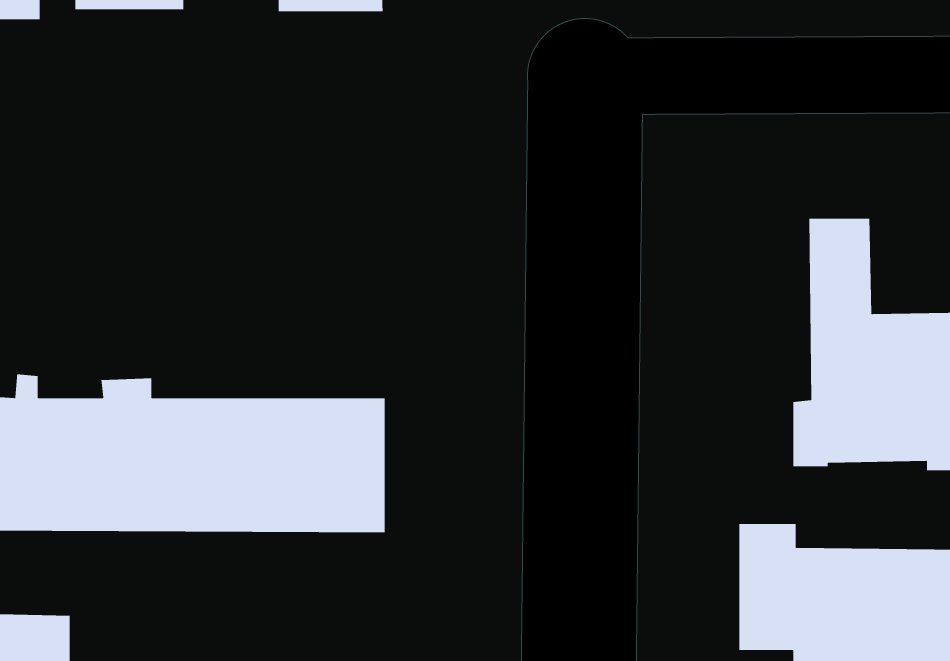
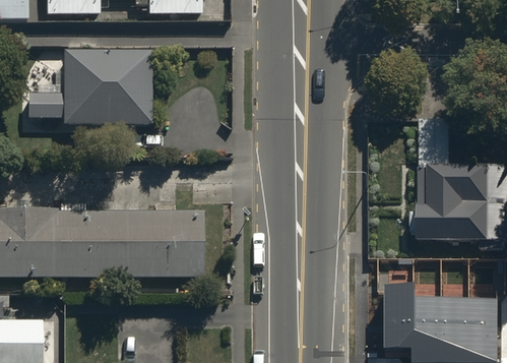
building: none -> [23,54,162,140]

